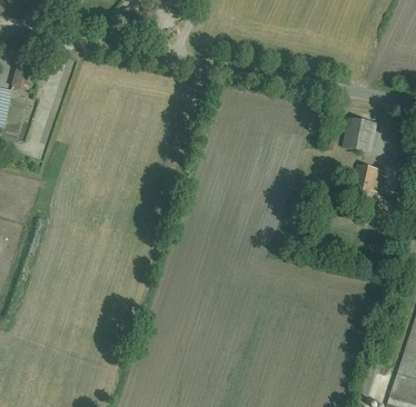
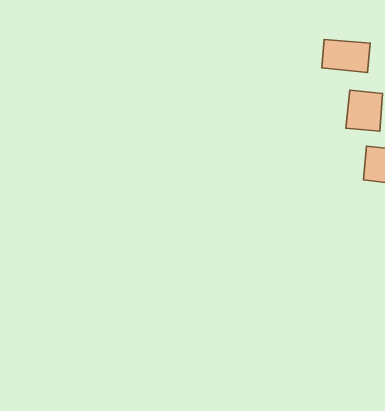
building: none -> [322,39,370,73]

